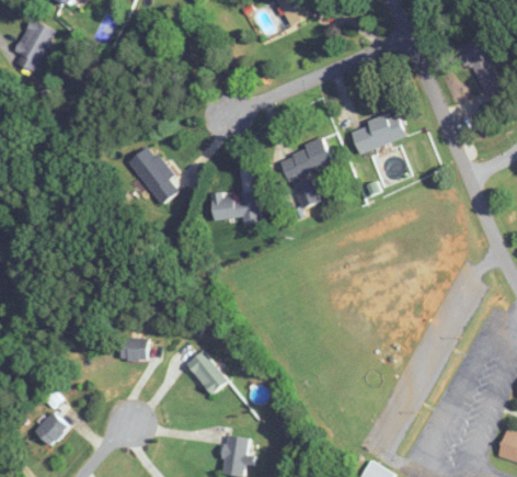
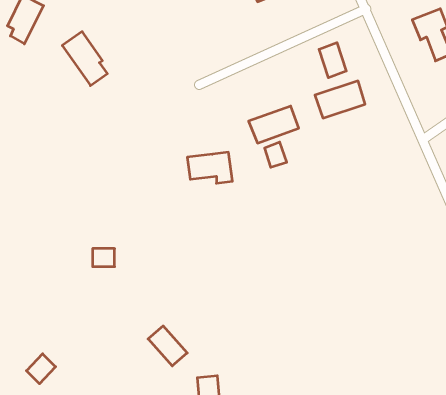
building: none -> [319,43,346,78]
building: [129,145,179,204] -> [62,32,107,86]
building: [122,338,146,357] -> [93,249,115,267]
building: [185,350,228,394] -> [148,326,187,366]

